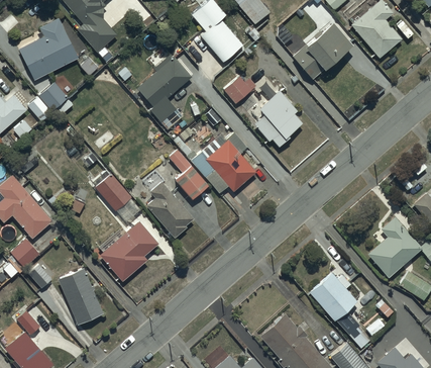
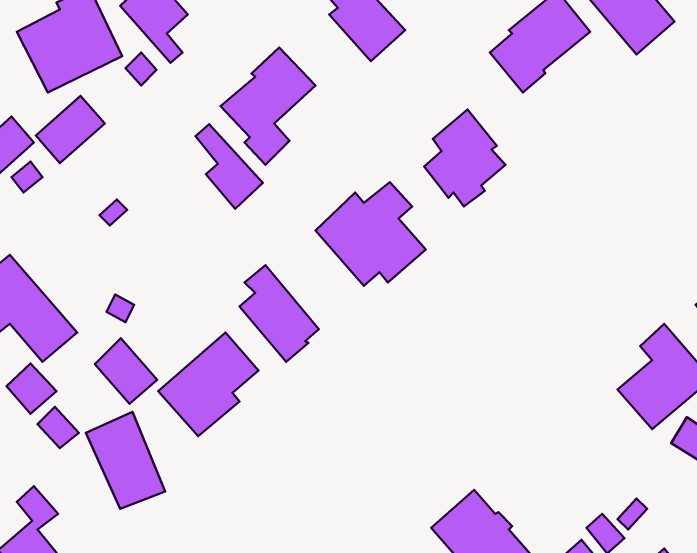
building: [223,76,255,104] -> none
building: [169,150,208,199] -> [195,124,263,209]
building: [95,173,131,211] -> [95,338,157,404]
building: [309,271,356,320] -> none

